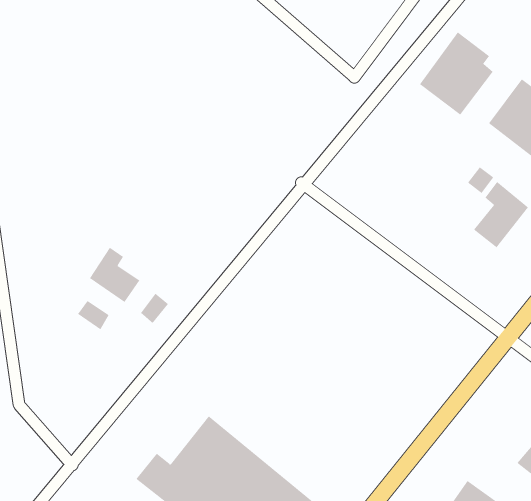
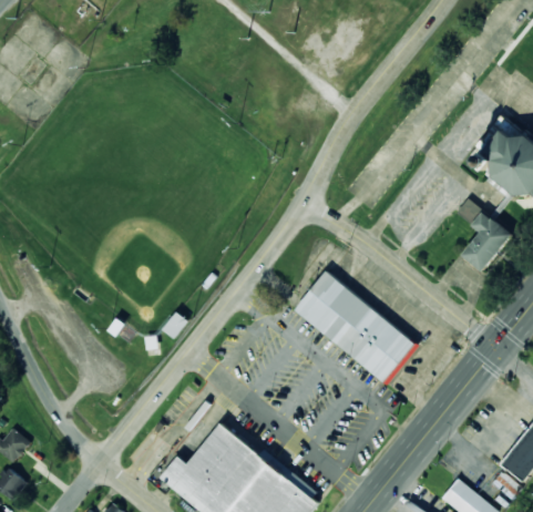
building: [419,32,494,116] -> none
building: [89,247,140,303] -> none
building: none -> [293,272,417,385]

